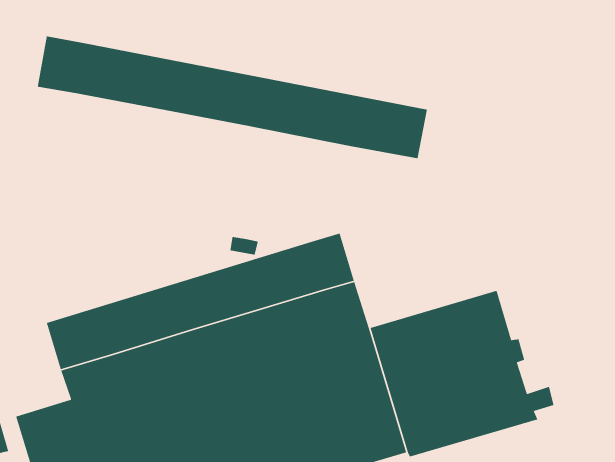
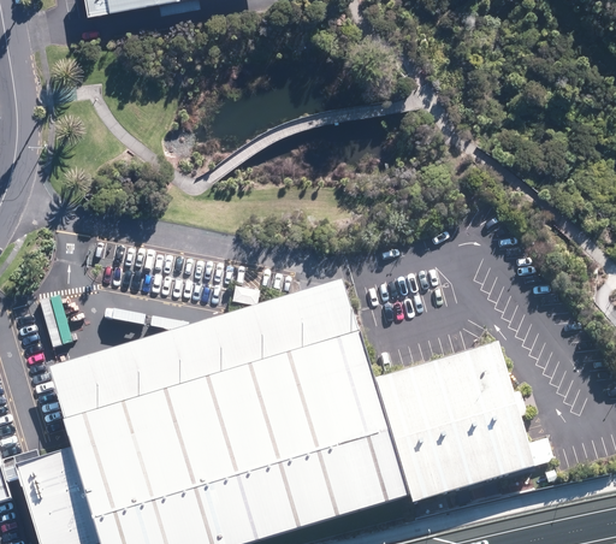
building: [37,36,428,159] -> none

